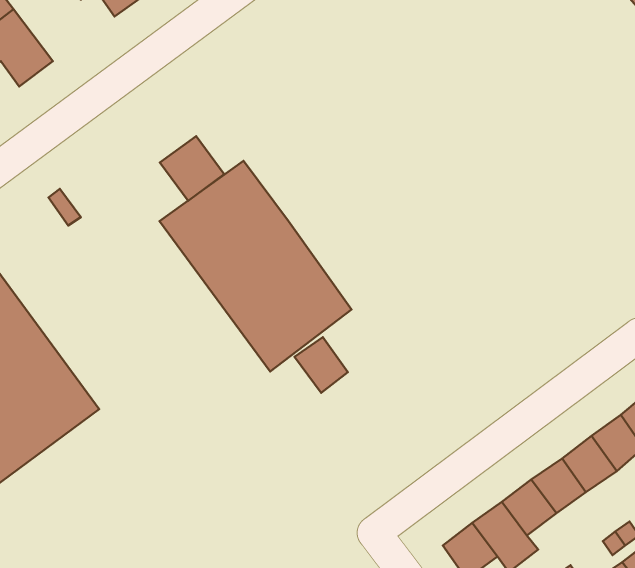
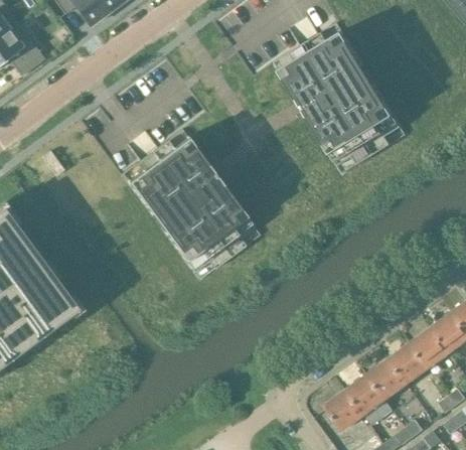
building: none -> [274,22,407,173]
building: [160,136,224,201] -> none
building: [295,337,348,393] -> none

